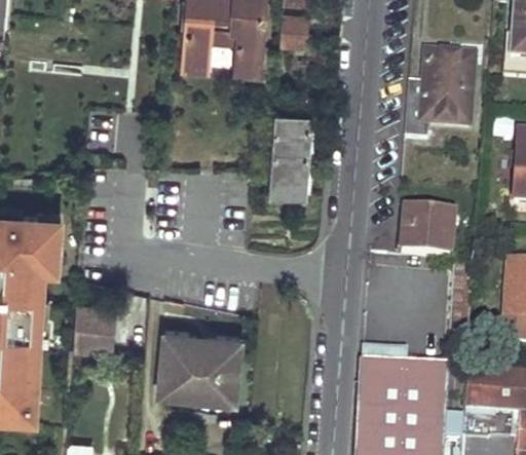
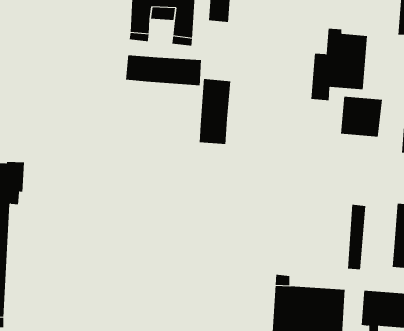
building: none -> [125,54,202,86]
building: [401,208,452,258] -> [340,96,383,137]
building: [73,306,117,354] -> none
building: [164,335,242,400] -> none

